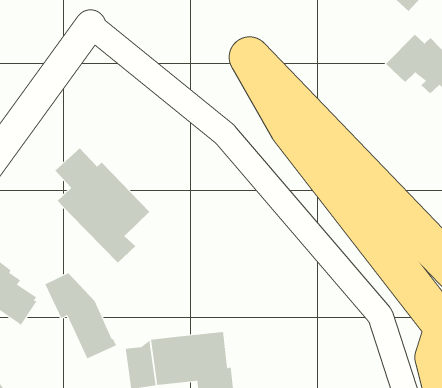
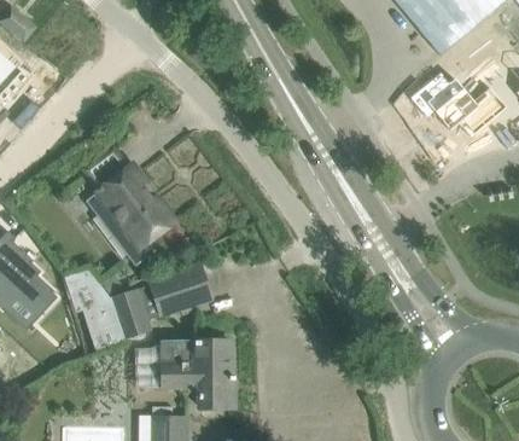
building: none -> [112,266,211,337]

